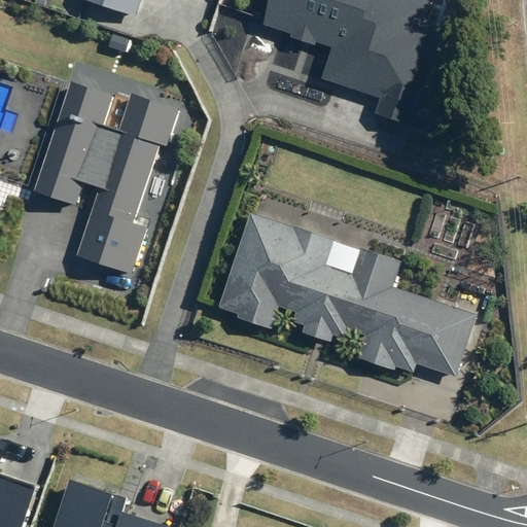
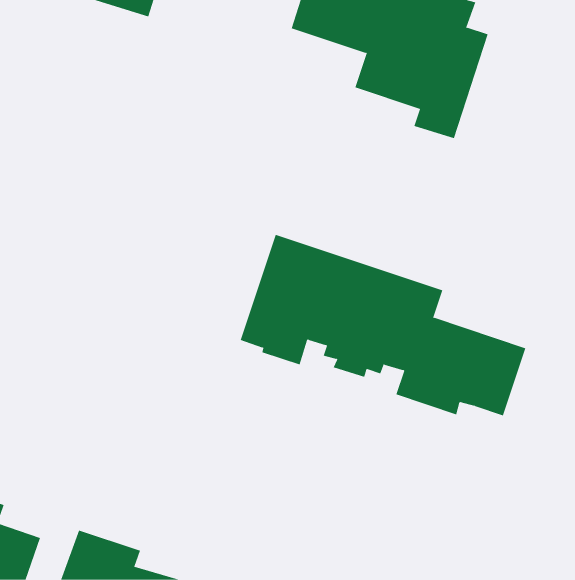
building: [34,81,178,275] -> none

